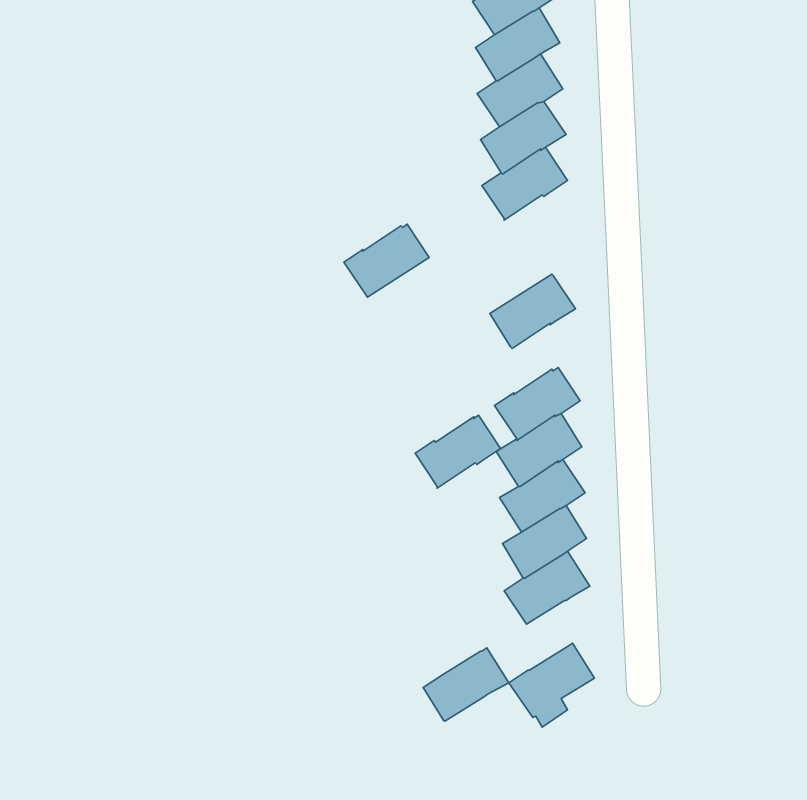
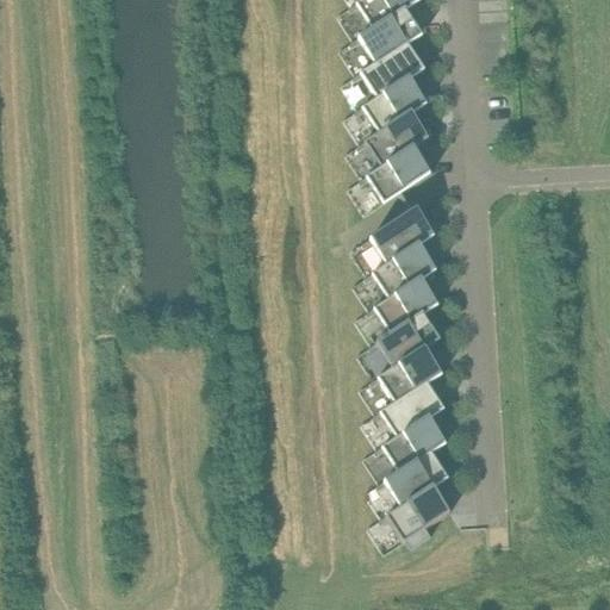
building: [344,224,429,297] -> [367,145,431,200]
building: [415,415,501,488] -> [372,242,436,297]
building: [423,648,509,721] -> [384,449,448,504]

